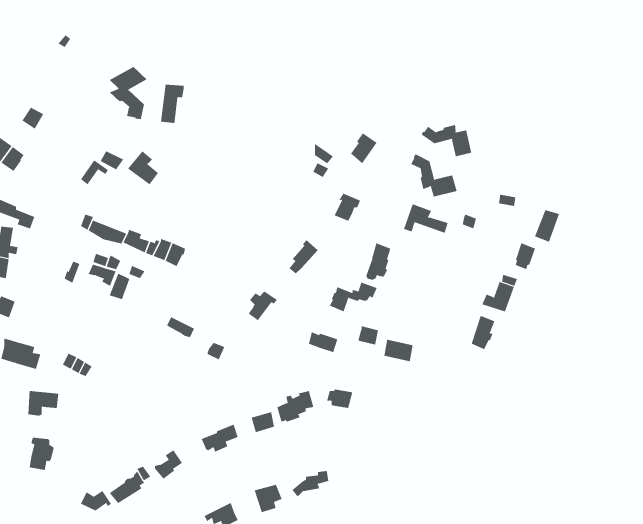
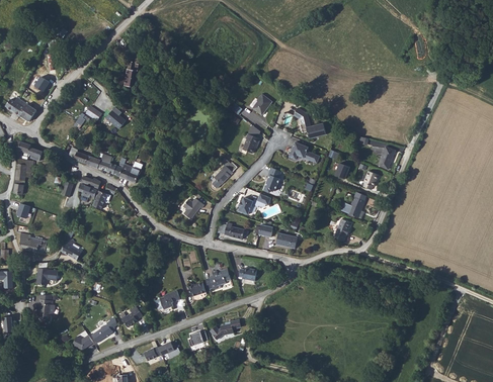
building: [109,66,148,120] -> none
building: [421,124,472,157] -> none

